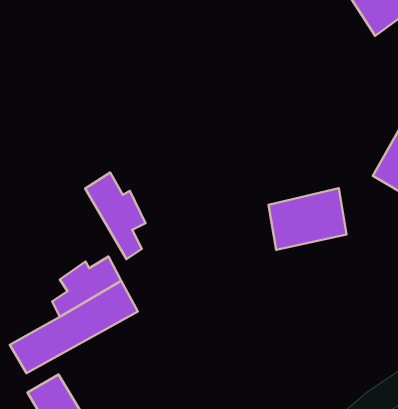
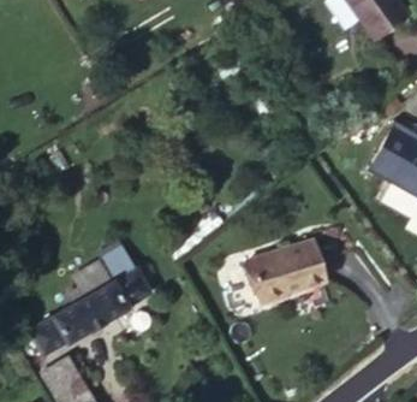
building: [85,172,146,259] -> none
building: [268,188,347,250] -> [246,242,320,300]

